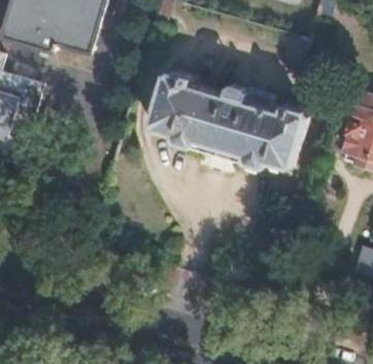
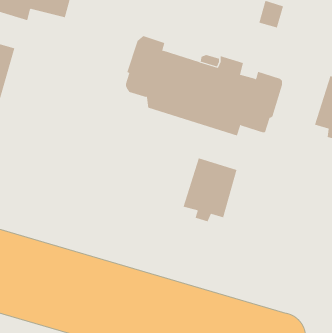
building: none -> [183,157,237,222]

